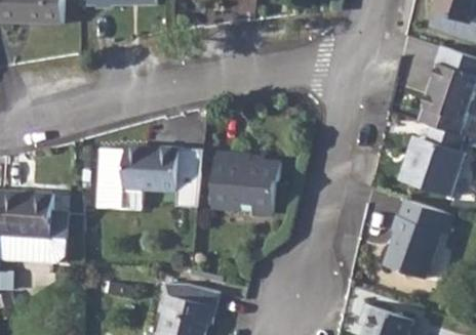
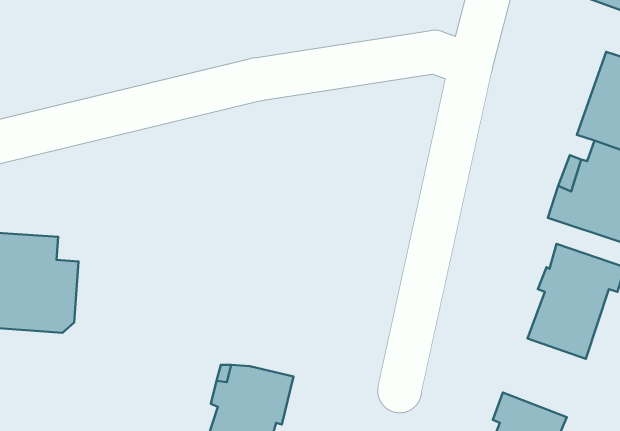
building: [97,145,201,208] -> none
building: [212,151,278,215] -> none

